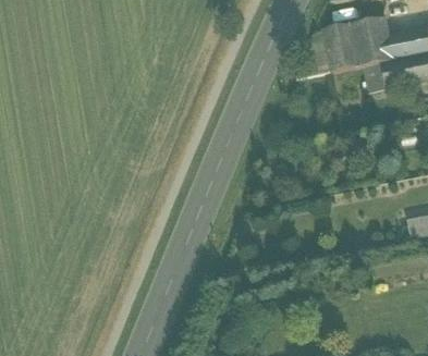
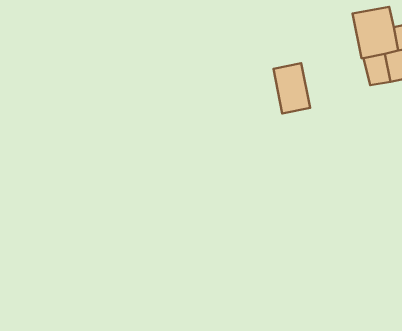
building: [321,23,357,72] -> [273,63,310,113]

